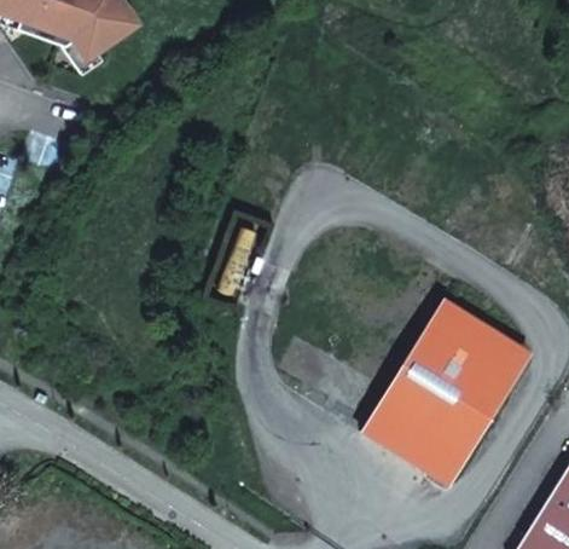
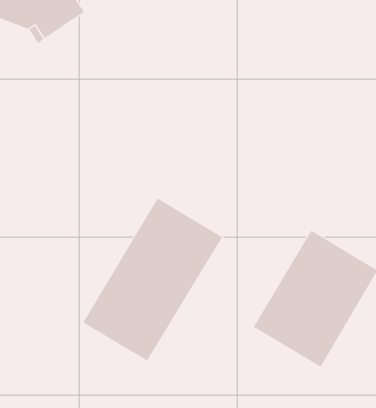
building: none -> [82,197,223,362]

